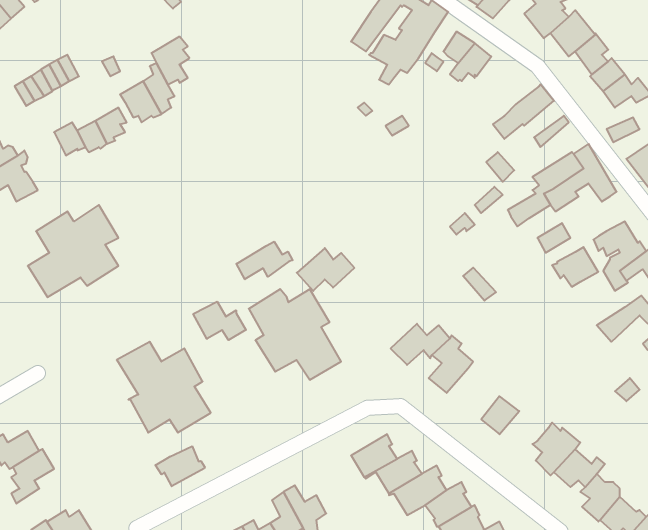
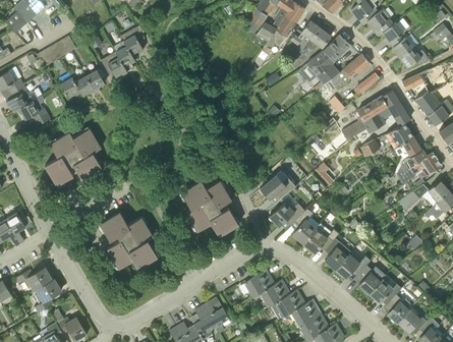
building: none -> [305,35,350,84]
building: [236,242,293,279] -> none
building: [552,247,598,287] -> [385,123,413,148]
building: [297,248,354,291] -> [260,174,295,201]
building: [193,302,246,340] -> none
building: none -> [302,229,339,254]
building: none -> [336,254,371,279]
building: [155,446,205,486] -> none

